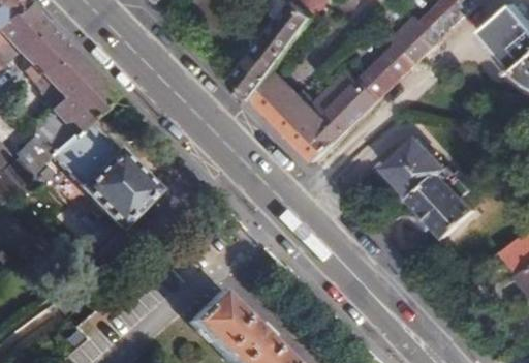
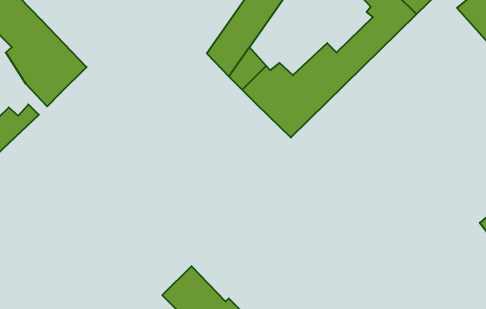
building: [49,117,157,225] -> none
building: [391,134,476,235] -> none

